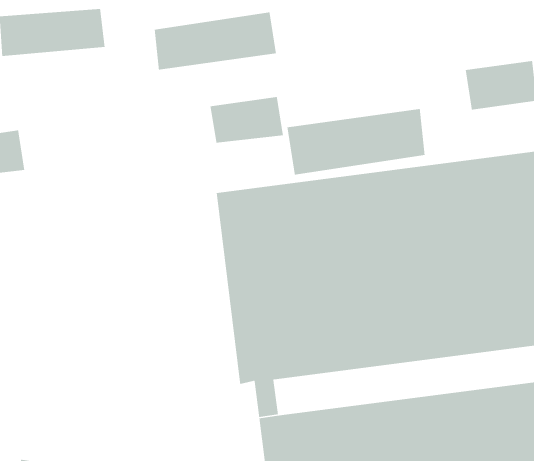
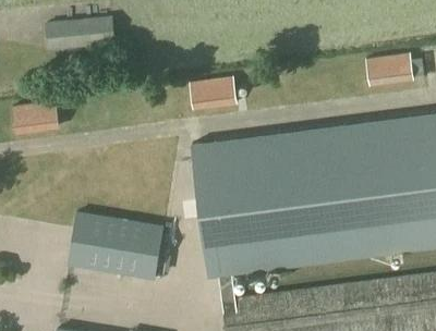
building: [154,11,277,70] -> none
building: [287,108,426,175] -> none
building: none -> [66,211,164,281]

